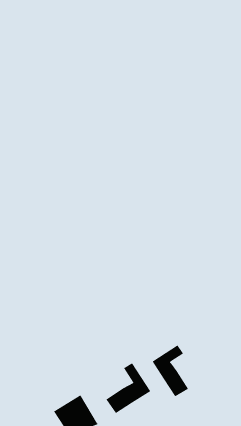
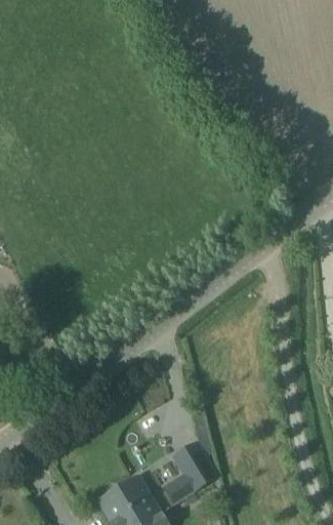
building: [152,345,189,397] -> none

